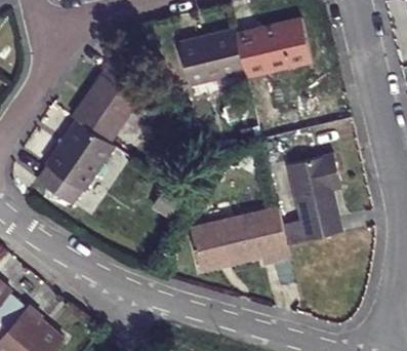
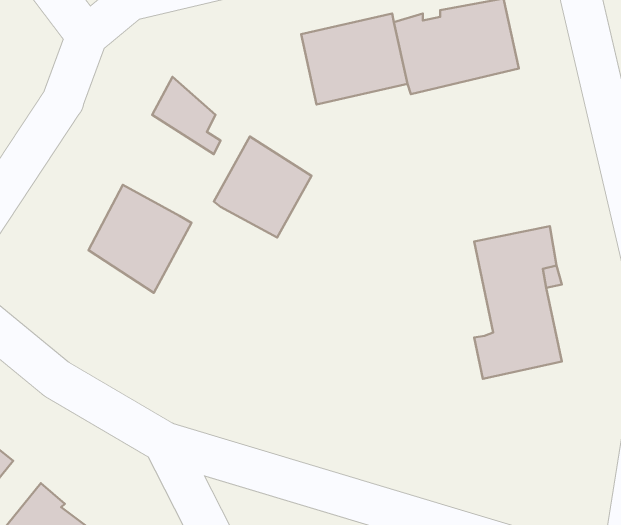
building: [73,85,131,146] -> [214,136,311,238]
building: [42,166,95,214] -> none
building: [193,202,290,266] -> none

